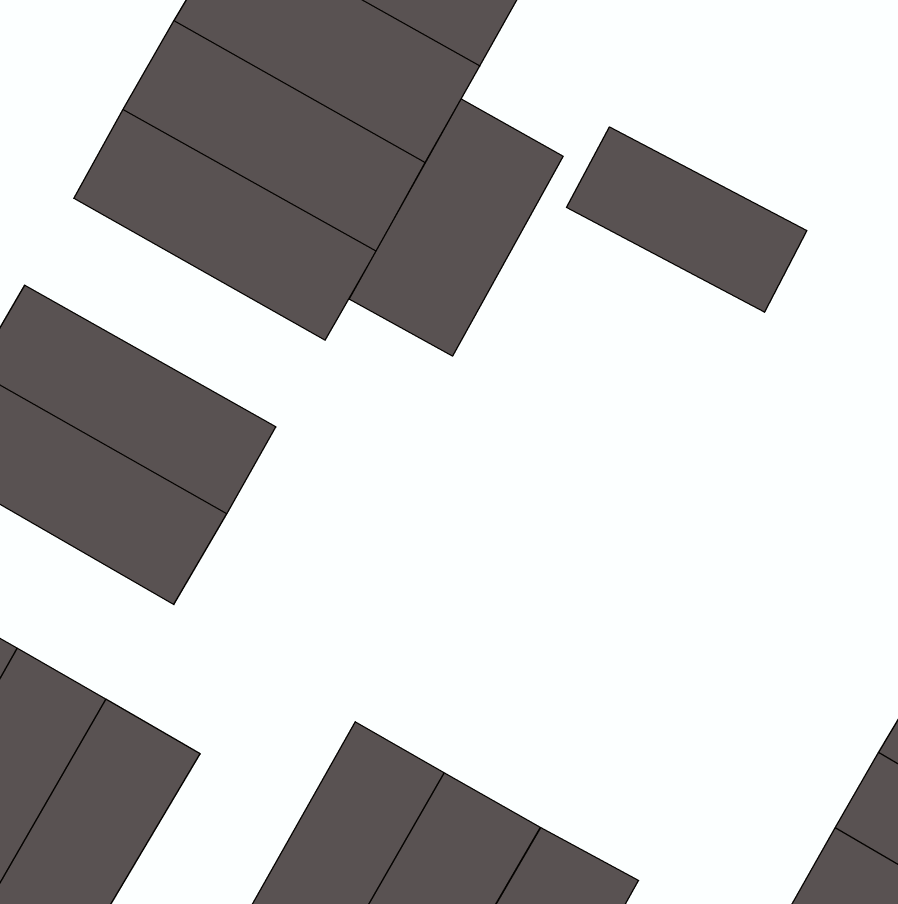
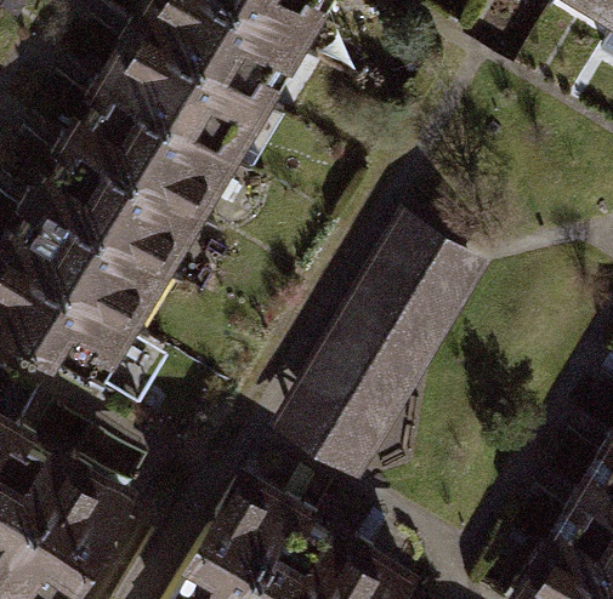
building: [349,99,563,356] -> none
building: [567,127,807,312] -> none
building: none -> [17,142,210,289]
building: none -> [276,229,486,490]

